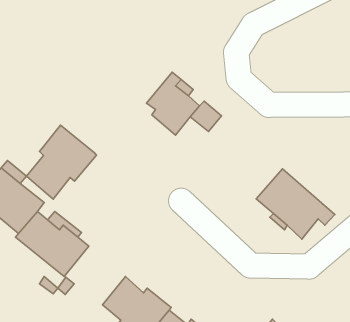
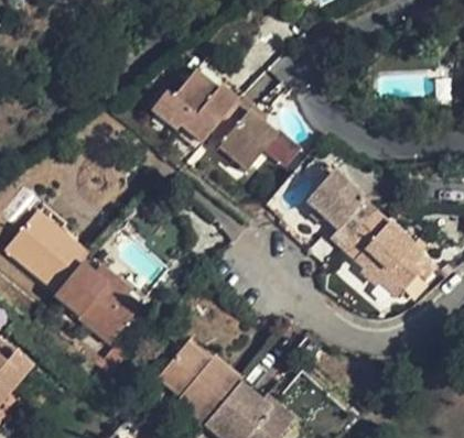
building: none -> [150,70,242,142]
building: [27,125,97,199] -> none
building: none -> [304,172,375,248]

